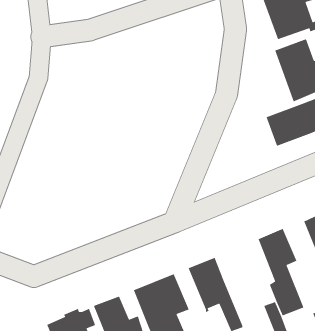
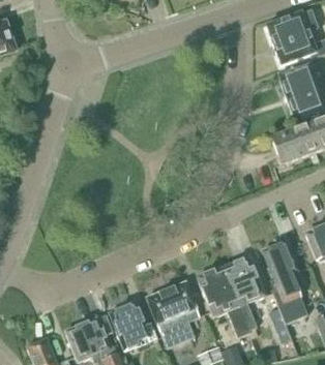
building: none -> [224,255,267,330]

